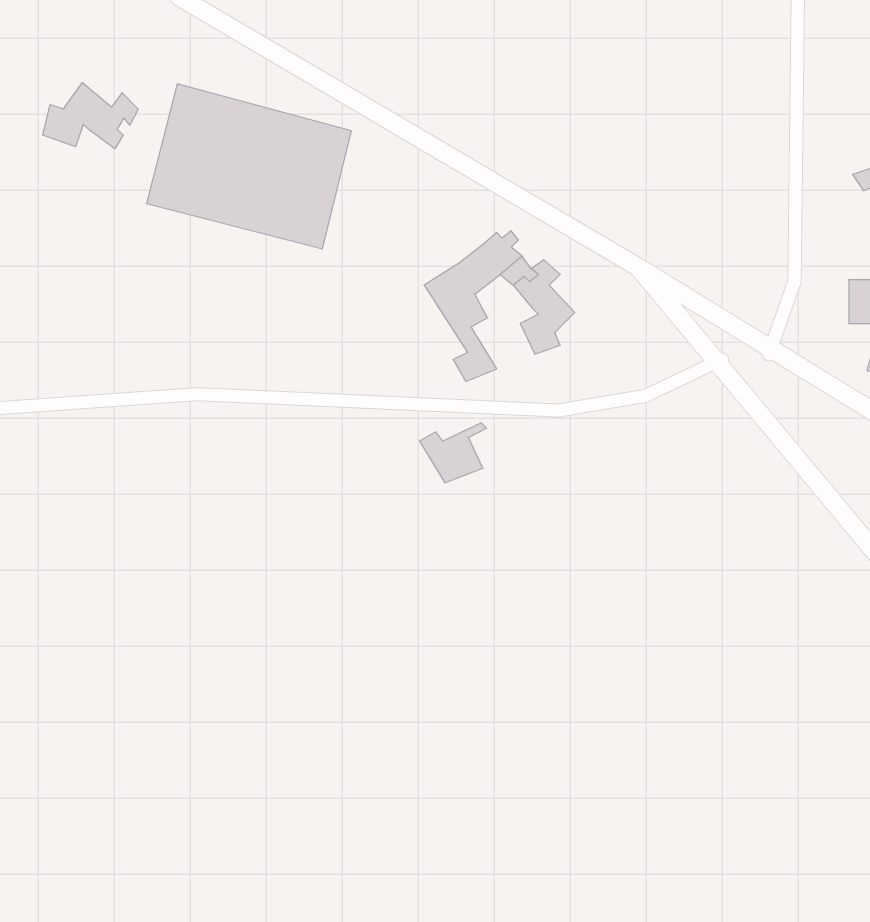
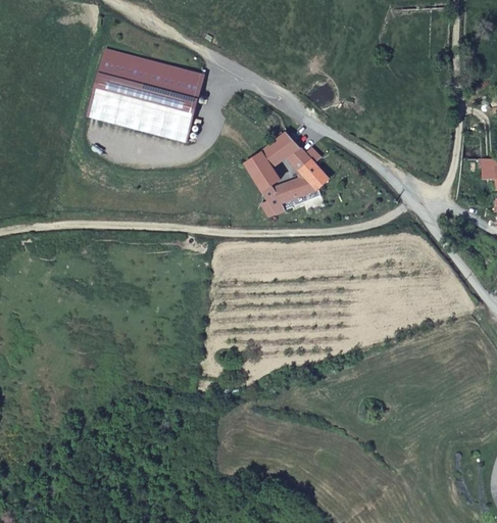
building: [43,82,138,149] -> none
building: [419,423,487,483] -> [270,175,308,208]

